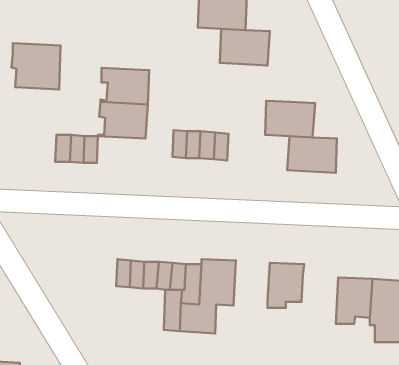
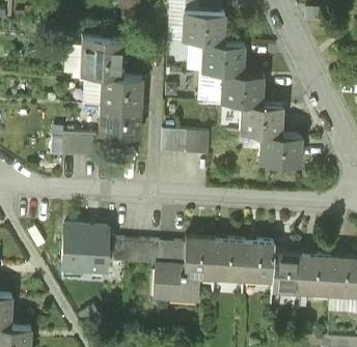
building: [12,43,60,89] -> [81,38,122,78]
building: none -> [220,74,263,106]
building: none -> [62,227,108,270]
building: none -> [213,240,244,280]
building: none -> [271,253,302,294]

